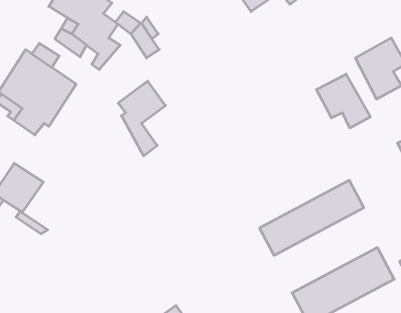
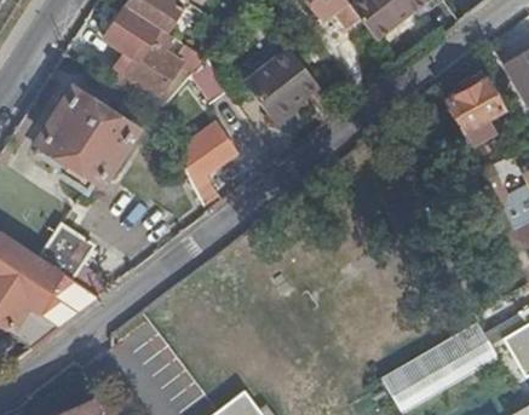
building: none -> [241,51,320,126]
building: [317,74,370,128] -> none
building: [260,180,364,255] -> none

